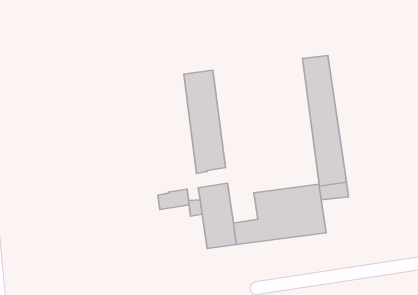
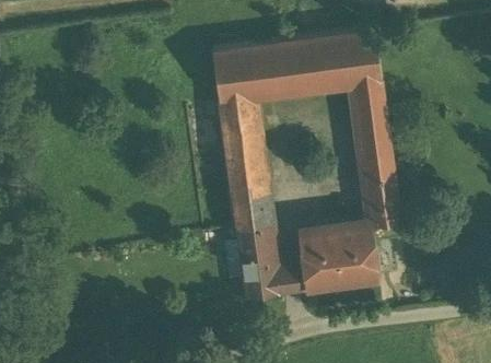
building: none -> [212,31,381,102]
building: [158,189,189,210] -> [233,207,268,230]

